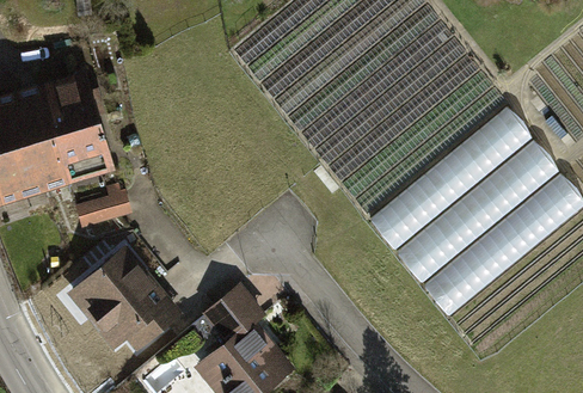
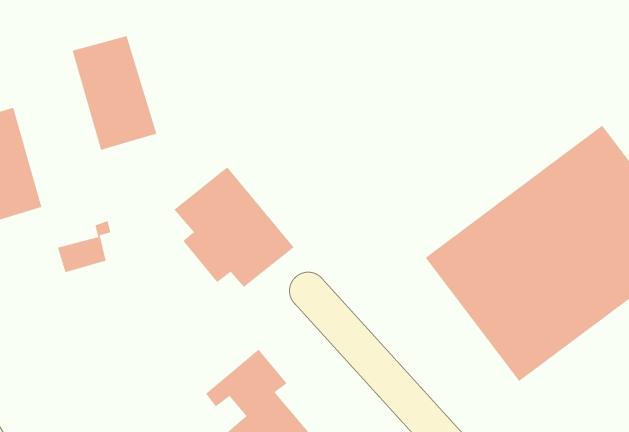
building: [41,82,109,174] -> [72,35,157,150]
building: [79,251,176,348] -> [174,166,295,287]

